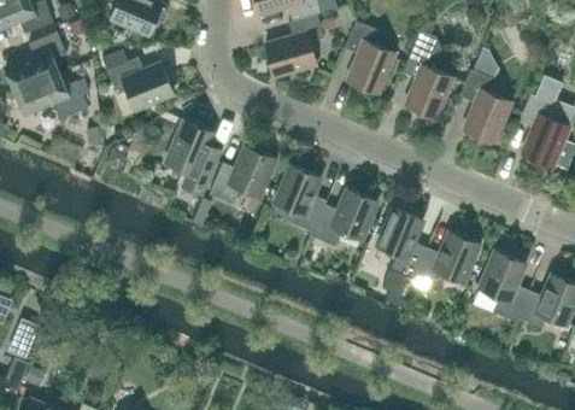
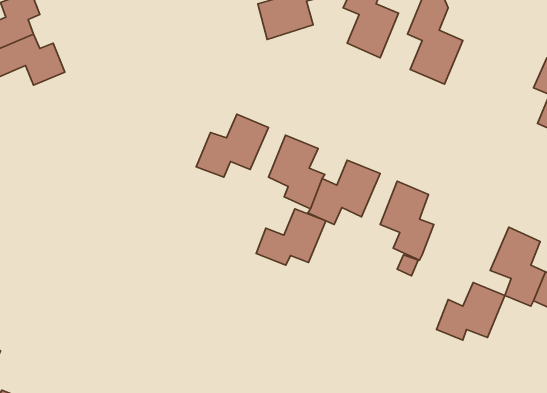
building: [106,57,174,110] -> none
building: [460,70,511,142] -> none
building: [166,121,222,197] -> none
building: [416,232,479,285] -> [436,282,505,340]
building: none -> [256,209,326,265]

